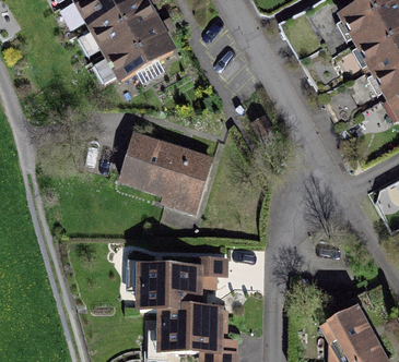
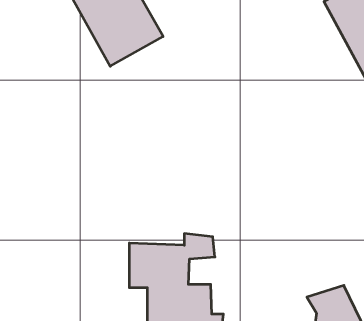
building: [116,132,207,207] -> none

